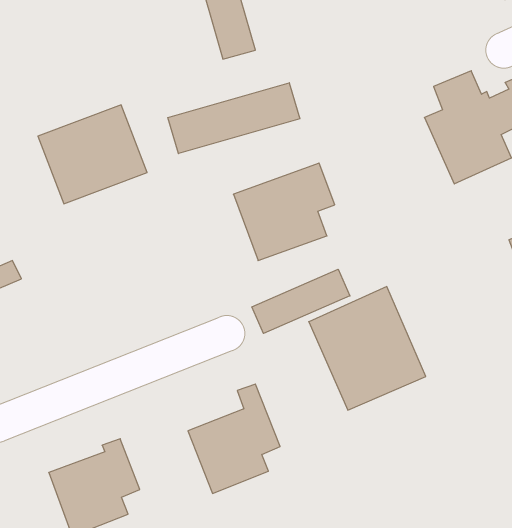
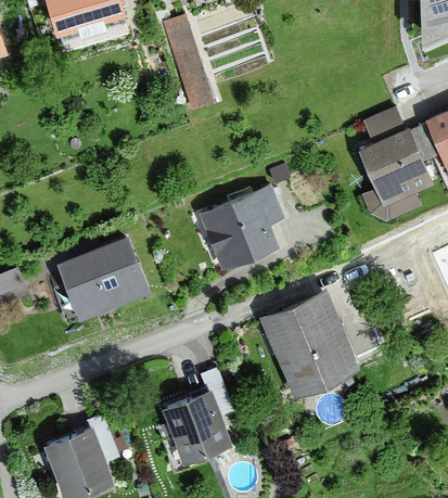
building: [168,83,300,154] -> none
building: [38,105,147,204] -> [57,235,149,318]
building: [252,269,350,333] -> none

